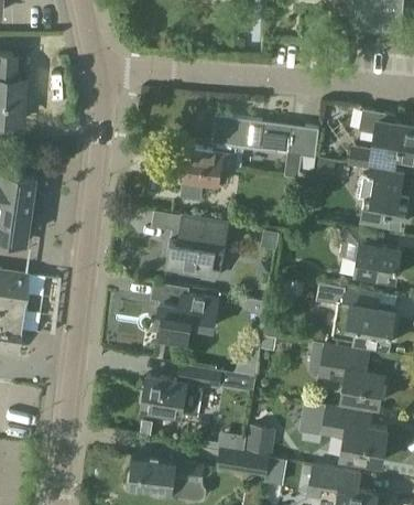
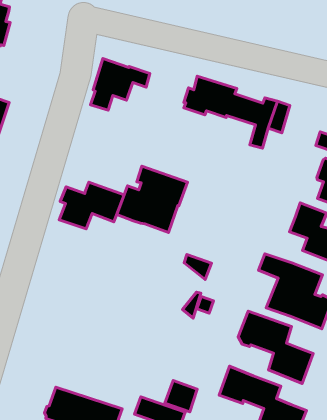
building: [182,148,236,198] -> [90,59,150,110]
building: [156,296,219,343] -> [59,182,124,229]
building: [141,365,255,418] -> none

